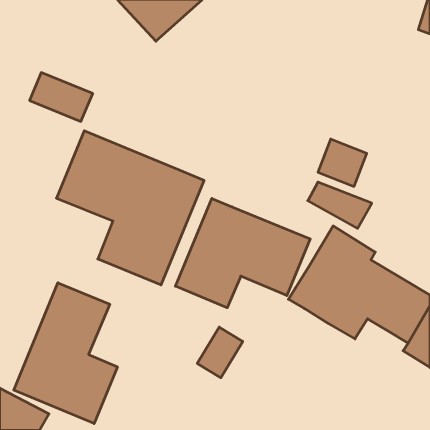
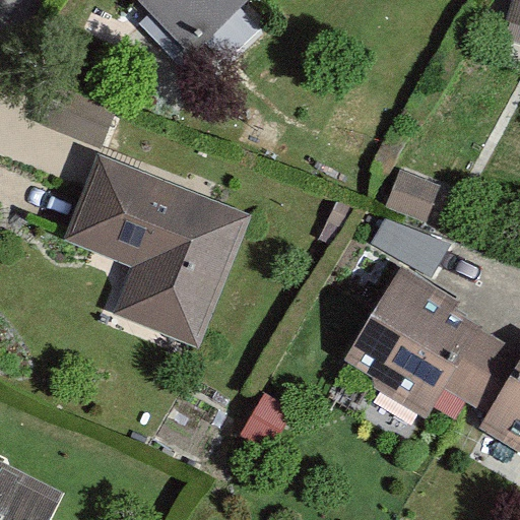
building: [175,198,310,308] -> none
building: [14,283,117,424] -> none

